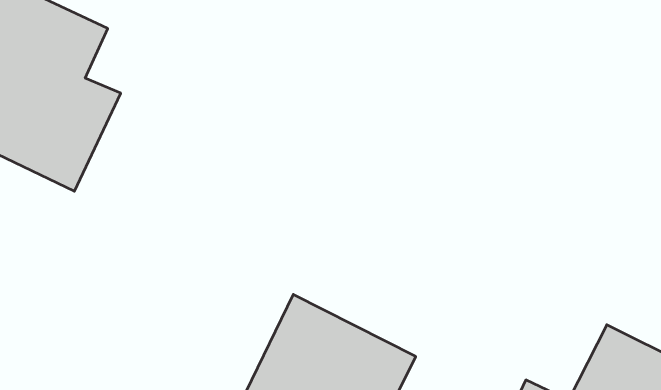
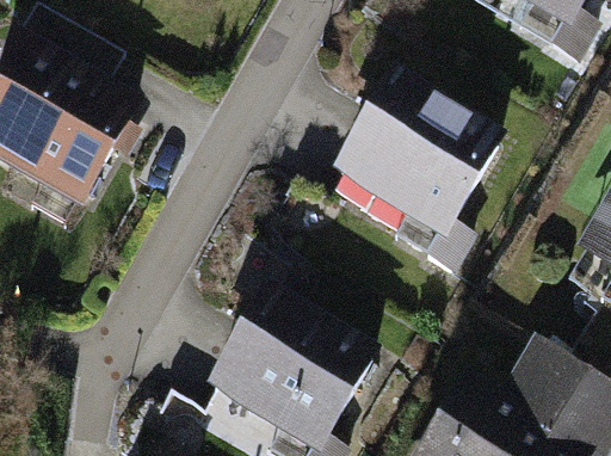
building: none -> [338,92,490,278]

